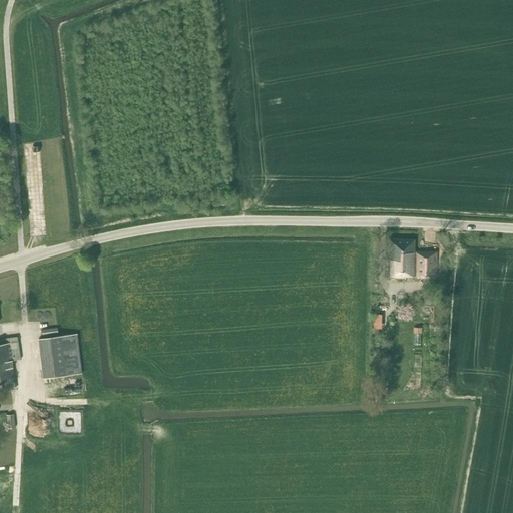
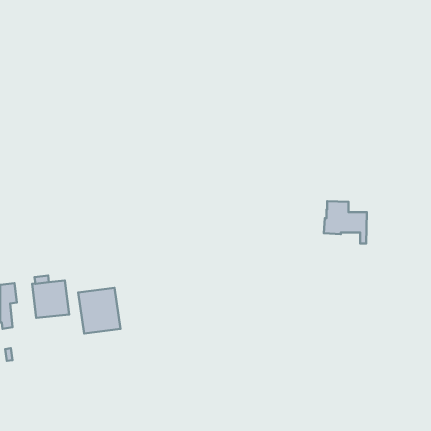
building: none -> [78,288,120,333]

